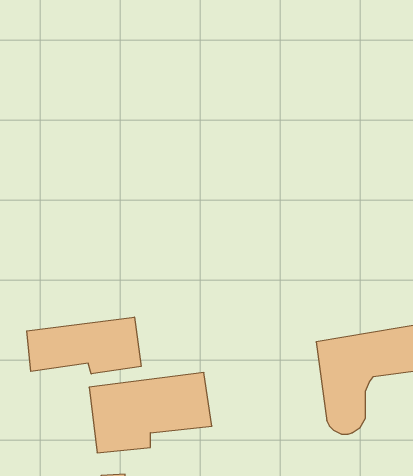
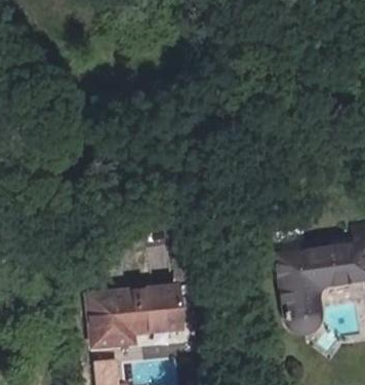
building: [27,317,141,374] -> none

